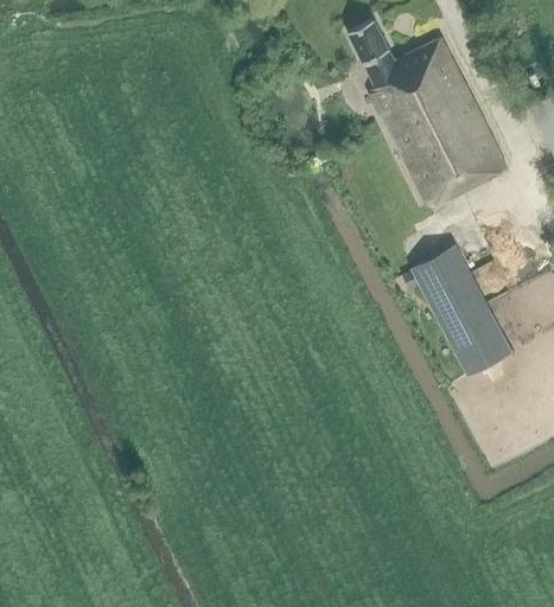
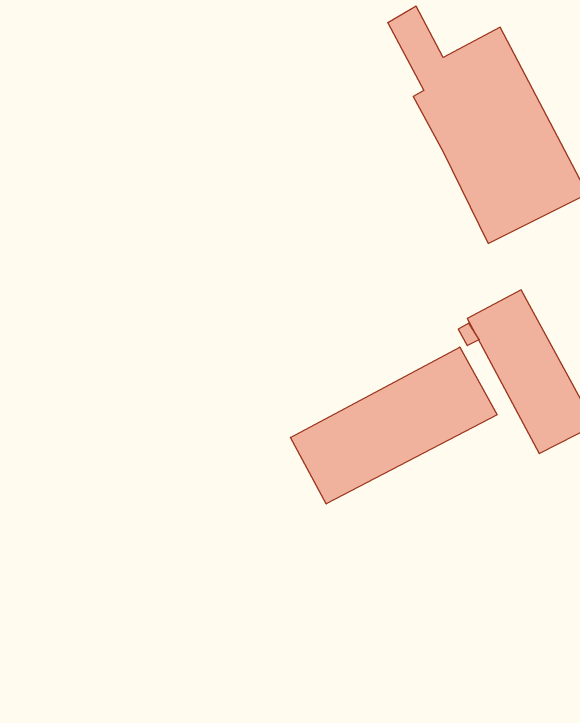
building: none -> [290,347,497,504]

